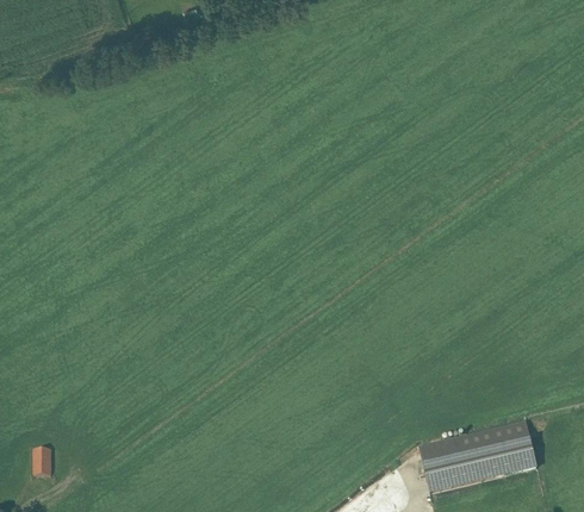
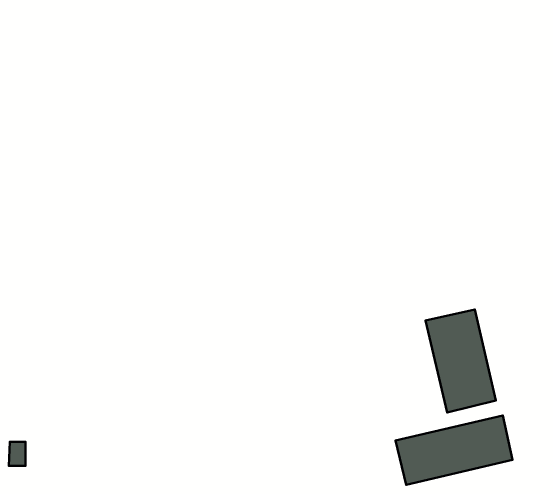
building: none -> [426,309,496,413]

